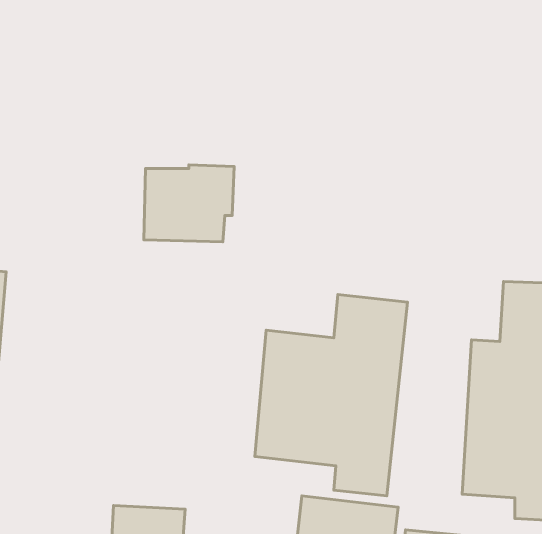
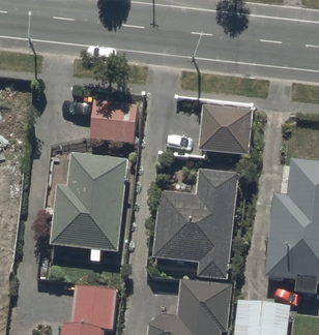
building: none -> [200,108,252,155]
building: none -> [45,157,128,263]

